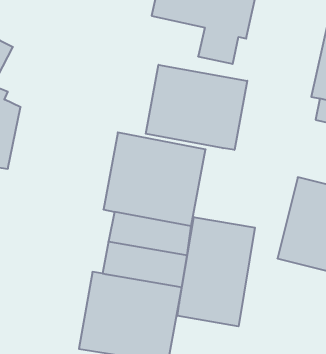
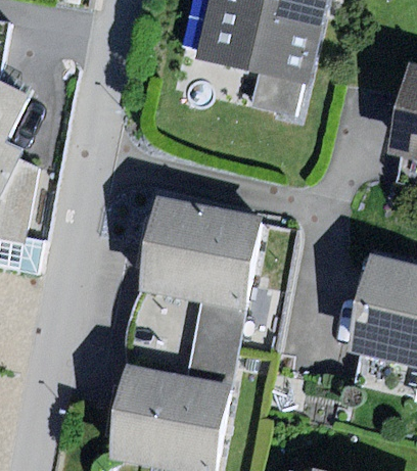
building: [146,65,247,150] -> none
building: [177,217,255,326] -> none

